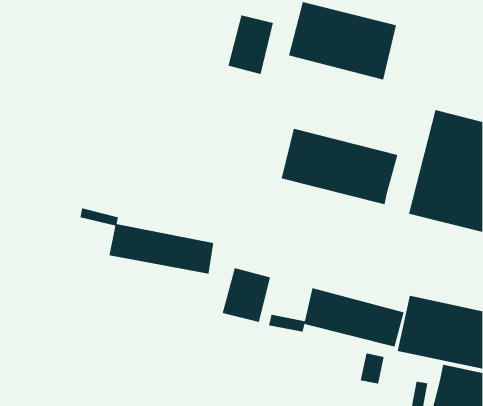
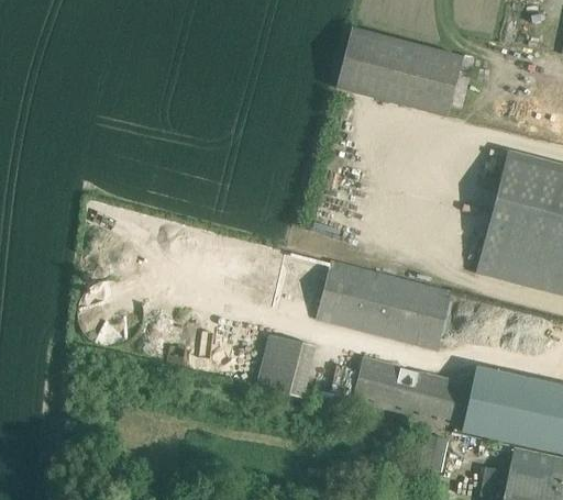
building: [228,14,273,75] -> none
building: [281,128,398,205] -> [317,262,453,351]
building: [80,208,214,274] -> none

